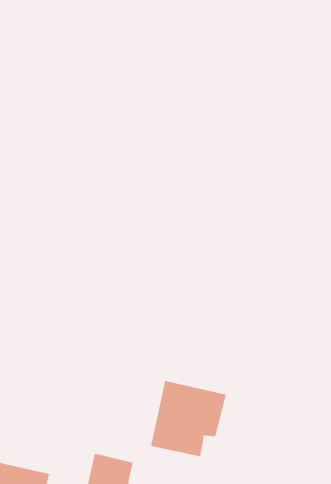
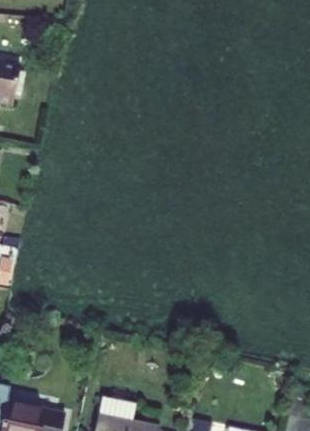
building: [151,380,226,457] -> none

